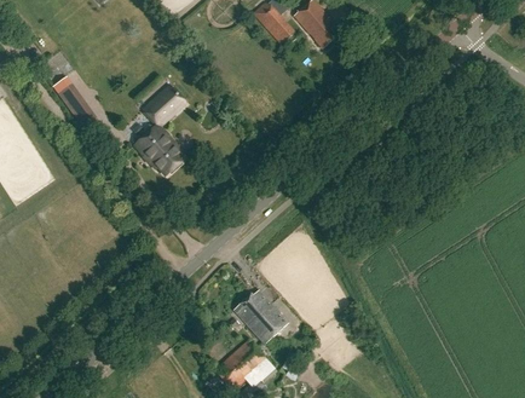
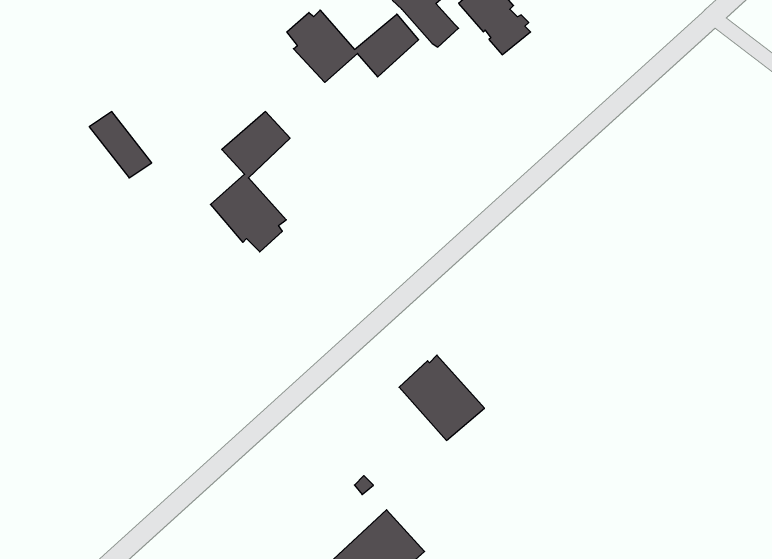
building: none -> [287,10,419,82]
building: [233,289,288,344] -> [399,355,484,440]

